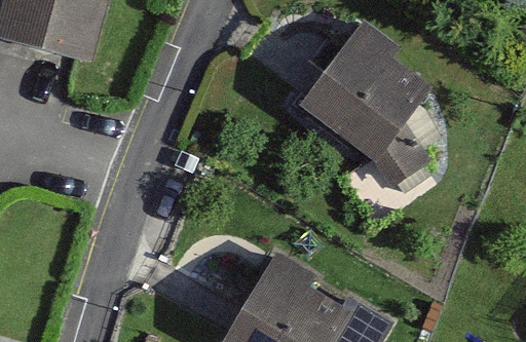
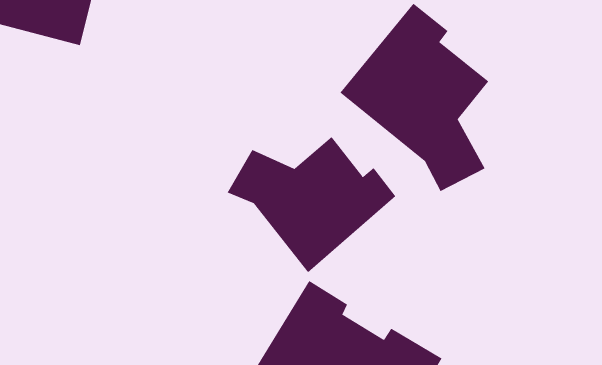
building: none -> [227,136,396,273]

